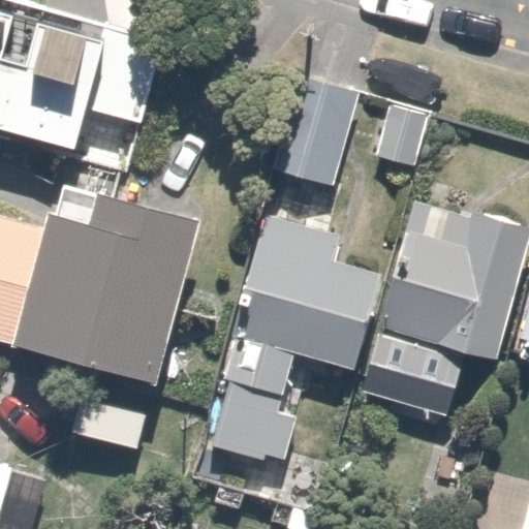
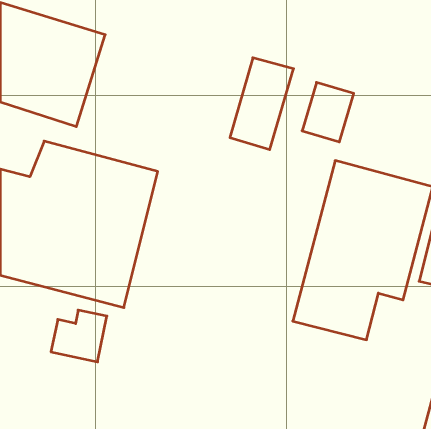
building: [213,213,384,467] -> none

